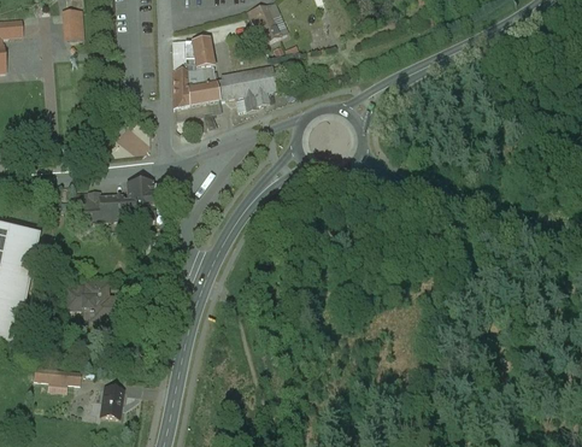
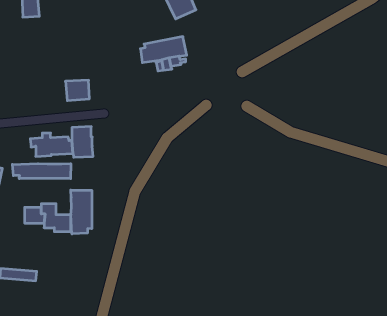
building: [171,39,218,107] -> none
building: none -> [12,164,71,179]
building: none -> [71,190,92,234]
building: [100,386,123,417] -> none

